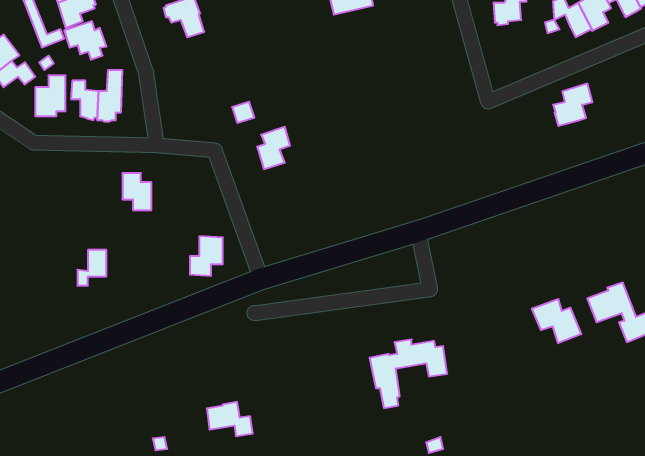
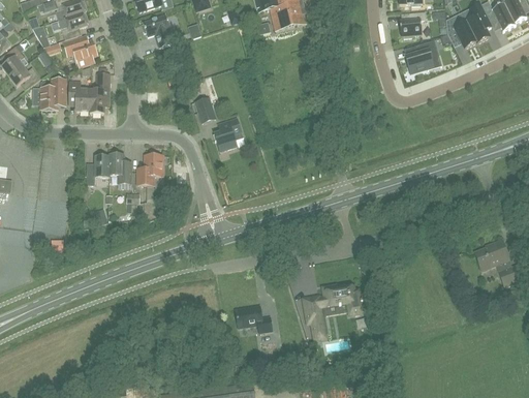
building: [553,84,593,126] -> [406,39,437,72]
building: [190,236,223,276] -> [136,154,162,185]
building: [77,250,106,286] -> [86,156,108,184]
building: [532,299,581,343] -> none
building: [207,402,253,436] -> [235,306,271,333]

